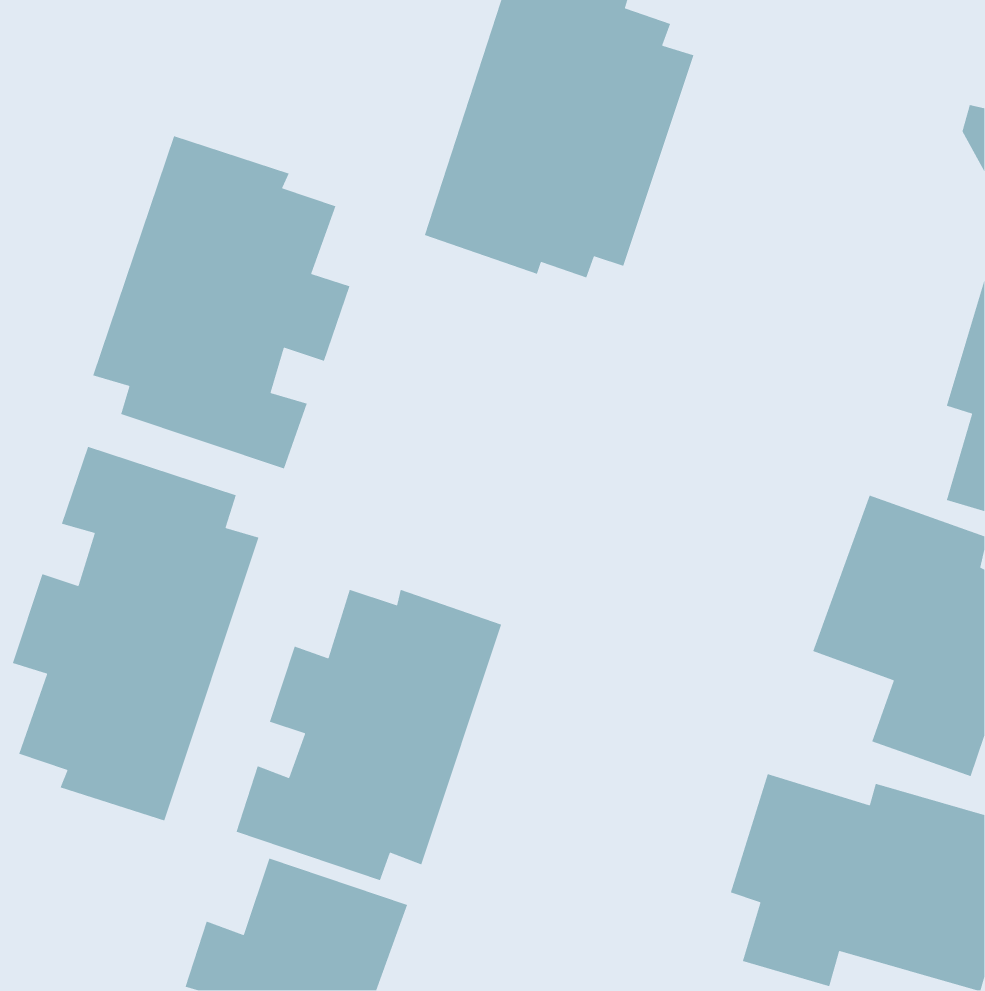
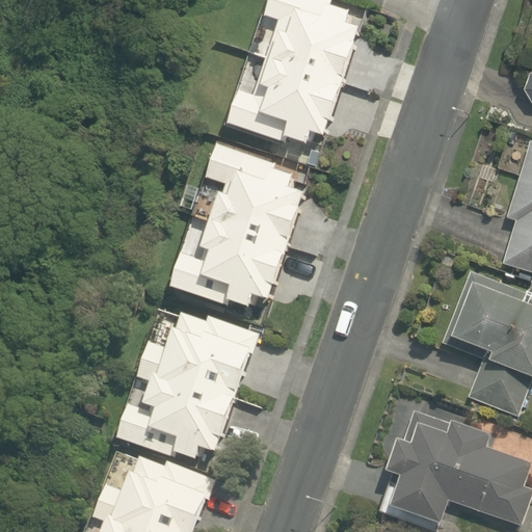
building: [92,135,350,469] -> none
building: none -> [176,139,314,313]
building: [12,446,260,822] -> none

